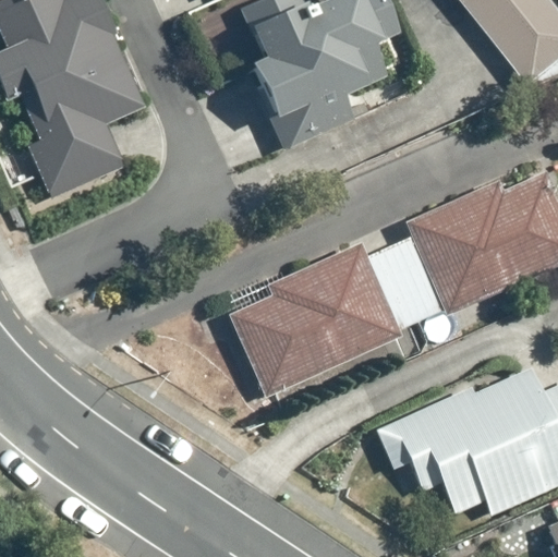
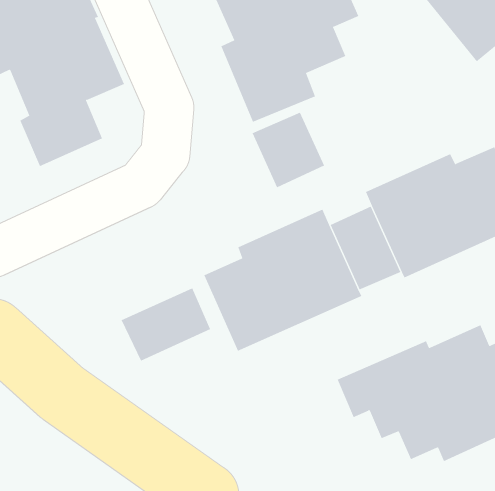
building: none -> [252,112,325,188]
building: none -> [121,288,211,361]

